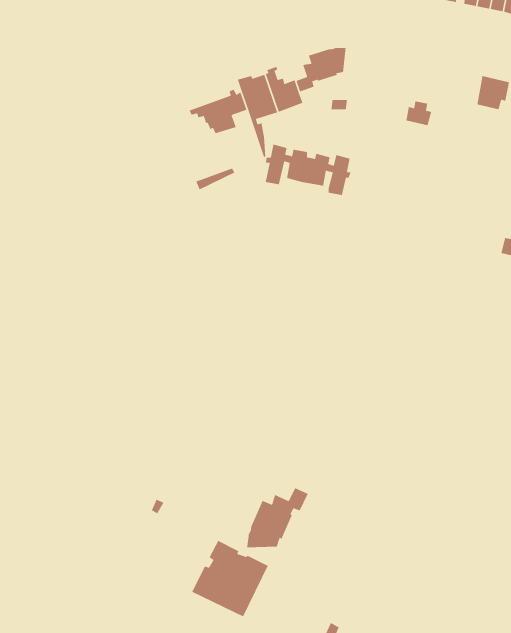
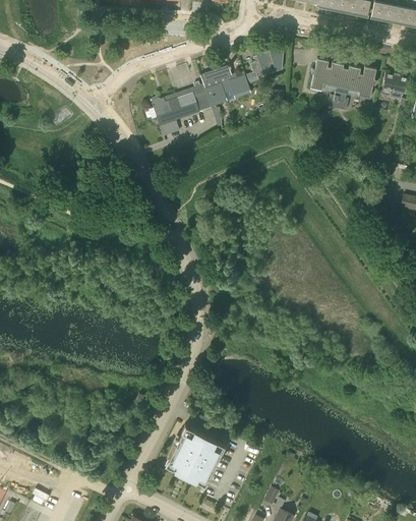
building: none -> [153,98,184,134]
building: [265,144,352,196] -> [311,58,377,98]
building: [246,487,309,548] -> none

